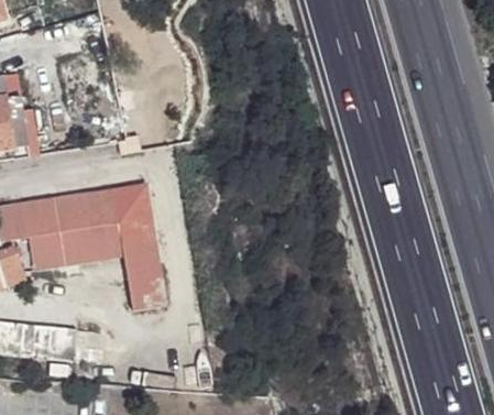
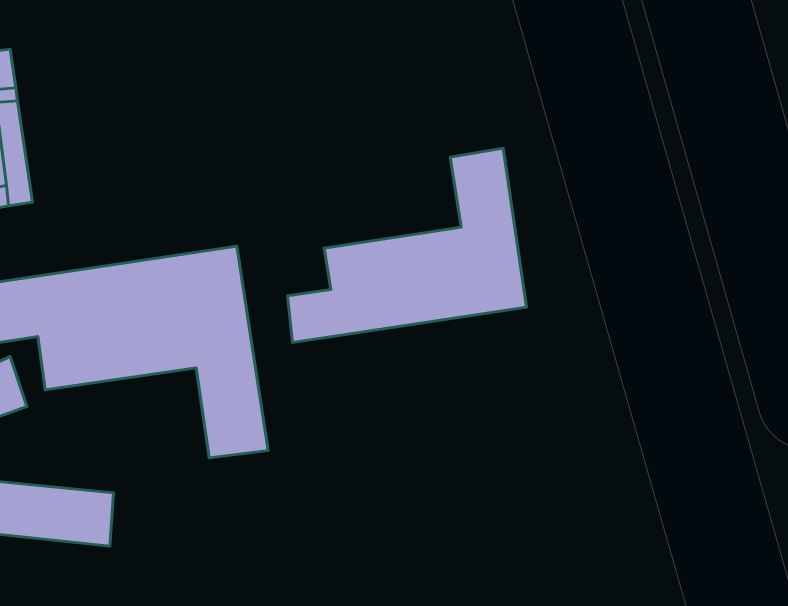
building: none -> [287,148,527,342]

